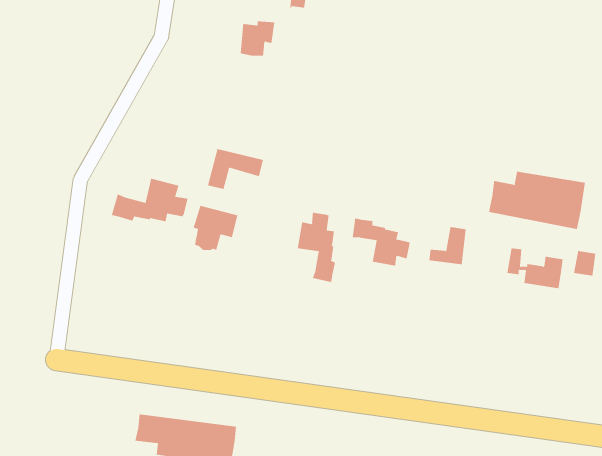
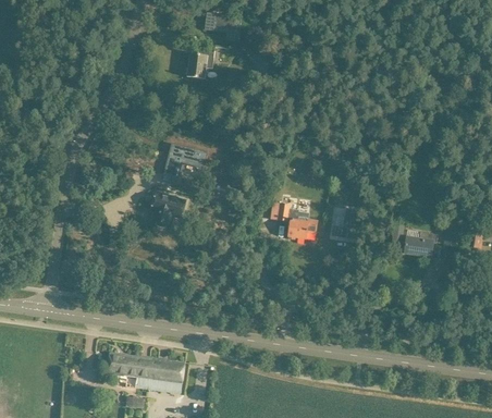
building: [488,171,585,230] -> none
building: [111,178,188,222] -> none
building: [297,212,336,283] -> none

